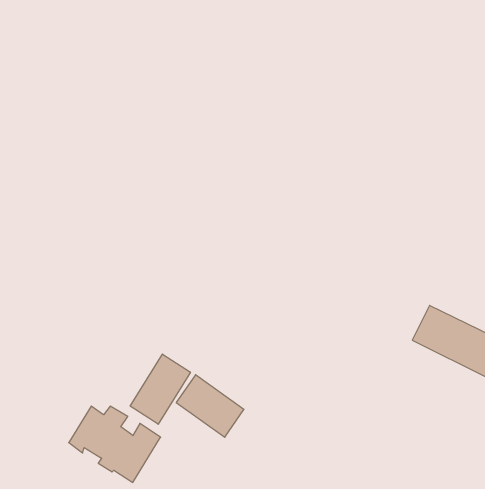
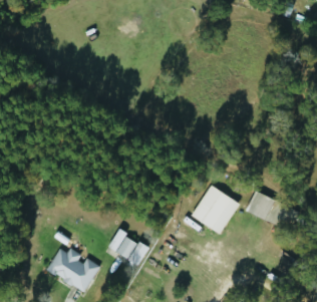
building: none -> [191,185,239,234]
building: [130,354,190,424] -> none

